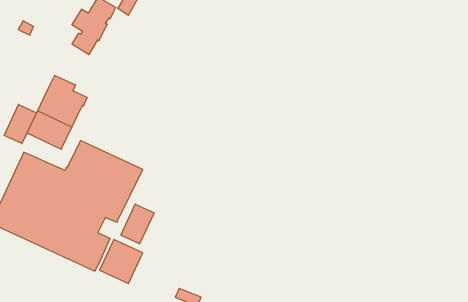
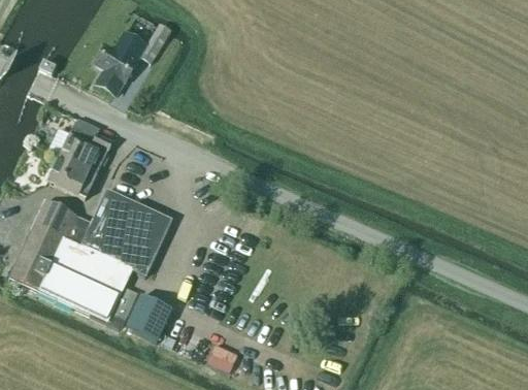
building: [4,104,36,144] -> none
building: [121,204,154,244] -> none

